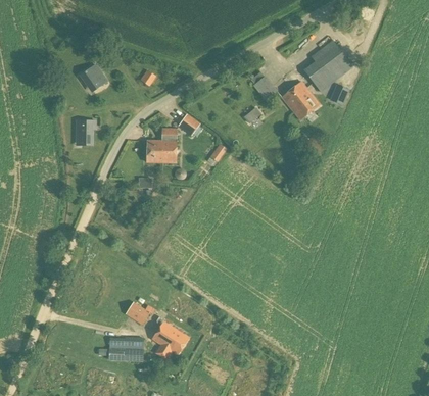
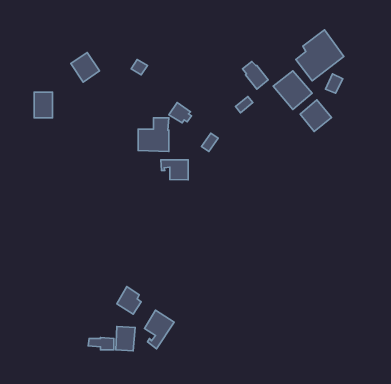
building: none -> [300,100,331,132]
building: [75,120,93,146] -> [34,92,52,118]
building: none -> [161,160,188,180]

